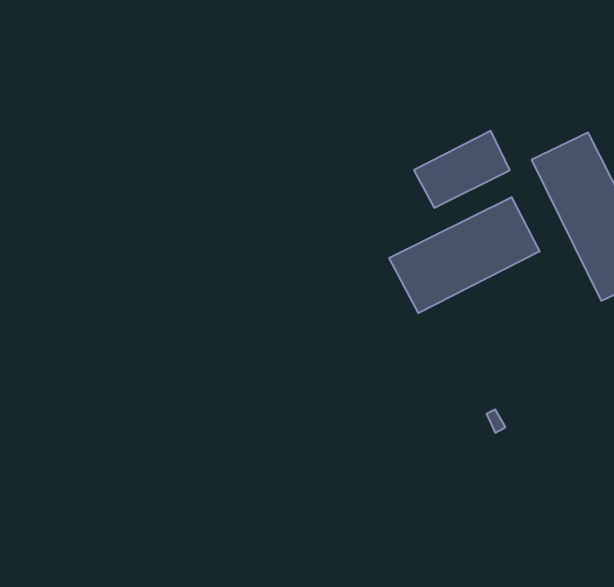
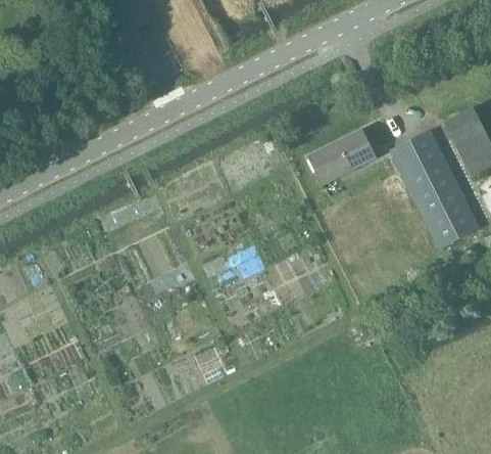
building: [389,197,540,313] -> none

